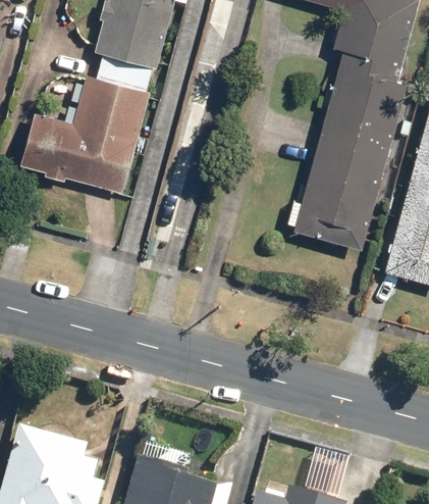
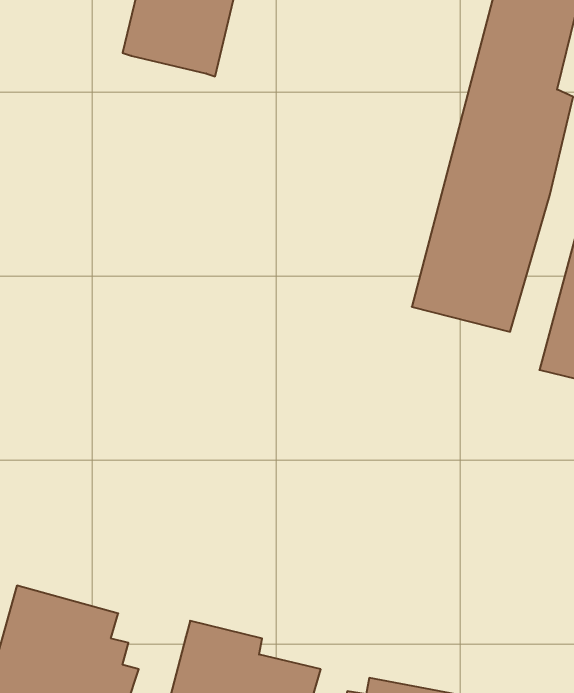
building: [18,54,155,199] -> none

